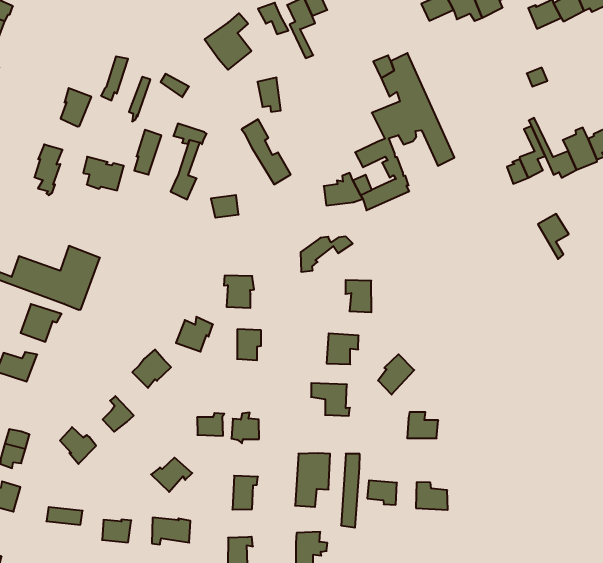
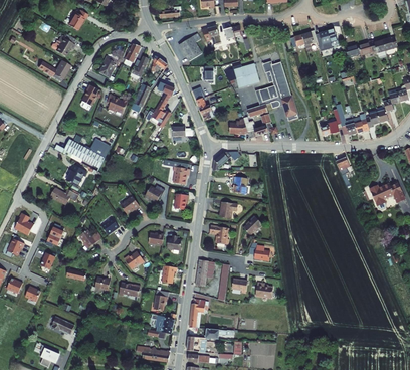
building: none -> [234,63,259,87]

